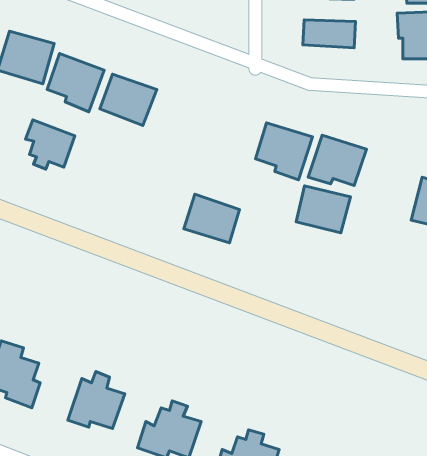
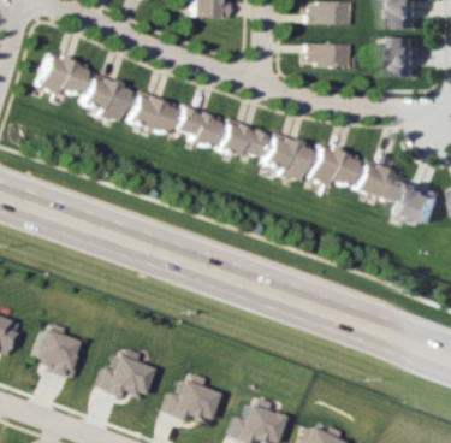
building: none -> [173,104,220,147]
building: [25,120,75,169] -> none
building: [296,186,350,233] -> [356,160,403,201]
building: [184,194,239,243] -> [218,118,266,160]

